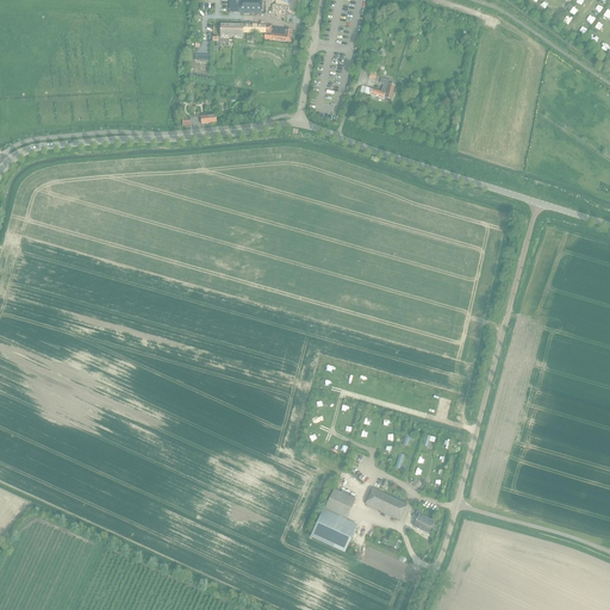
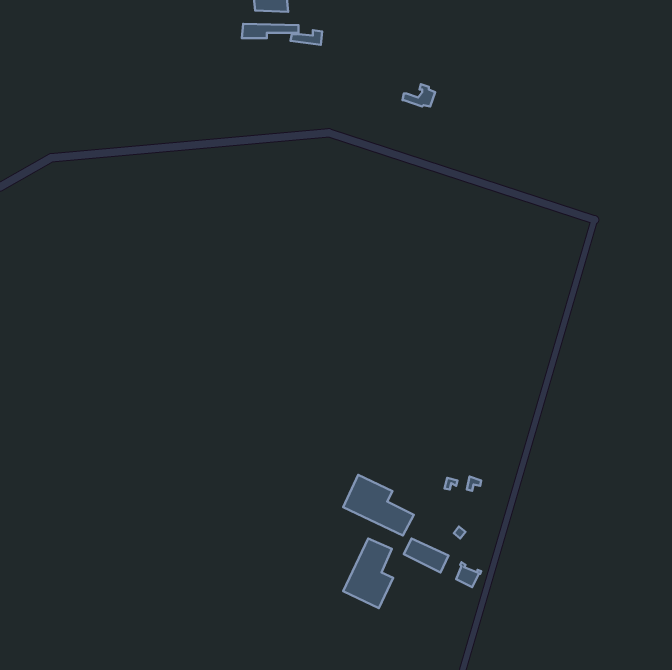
building: none -> [343,475,414,536]

